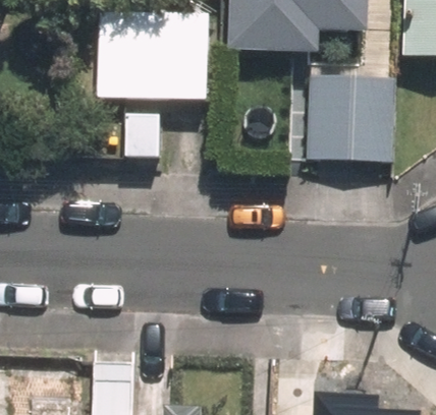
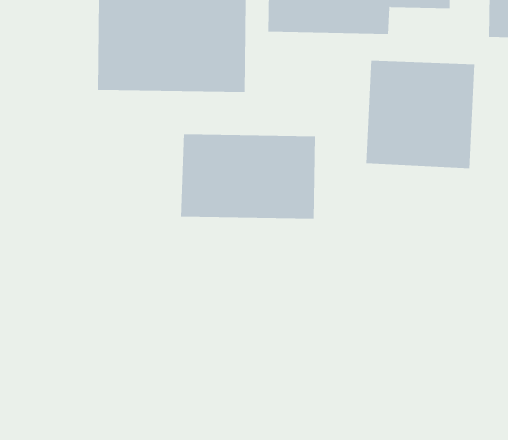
building: none -> [181,134,315,219]

